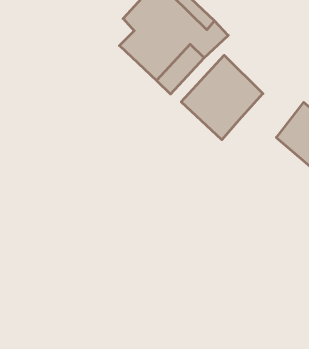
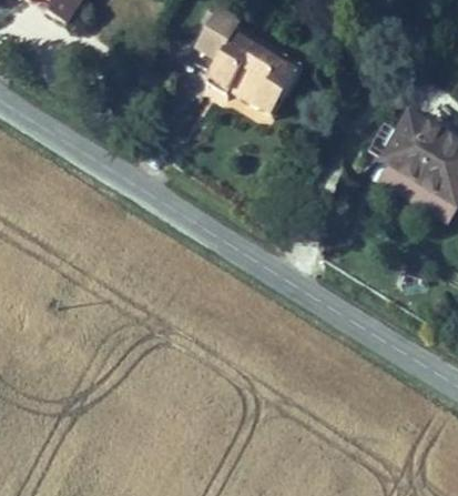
building: [181,55,263,140] -> none

